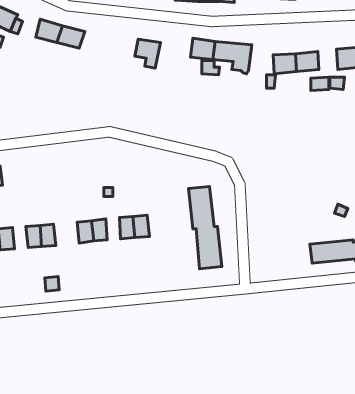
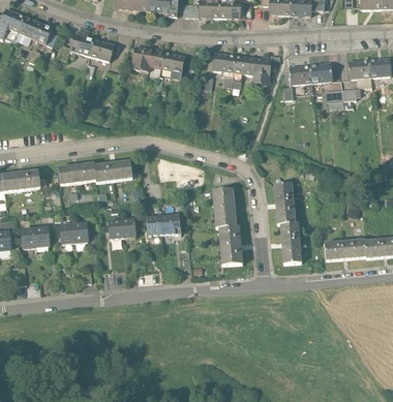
building: none -> [131,48,164,71]
building: none -> [58,159,130,184]
building: none -> [273,182,301,264]

